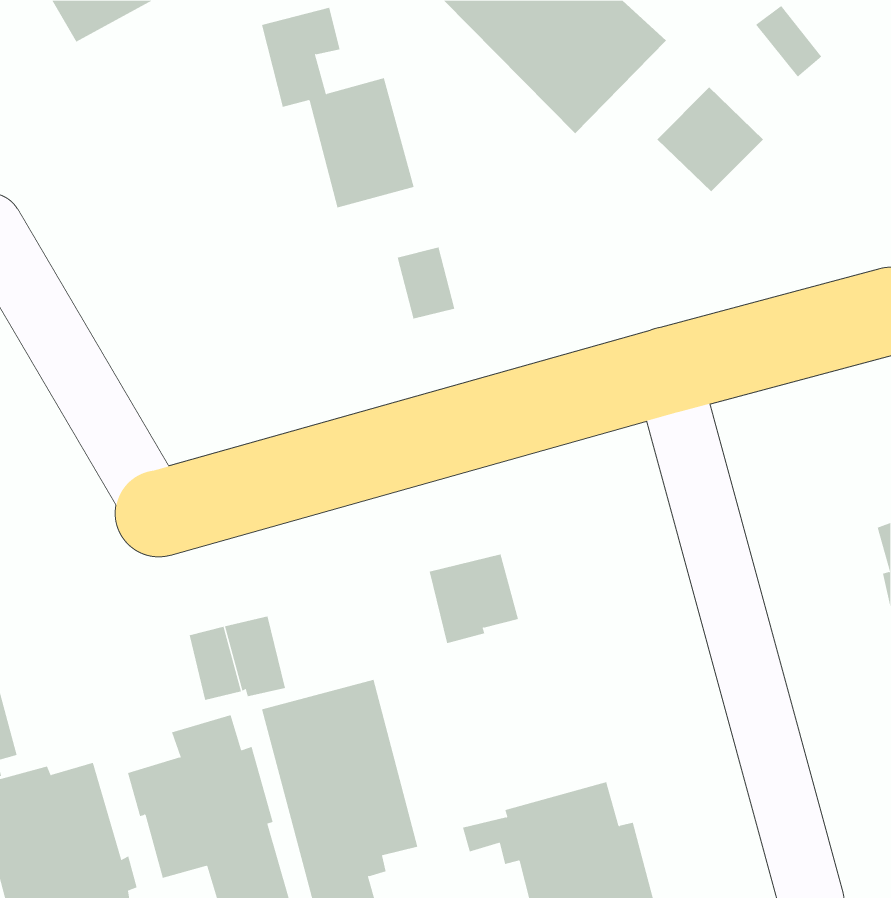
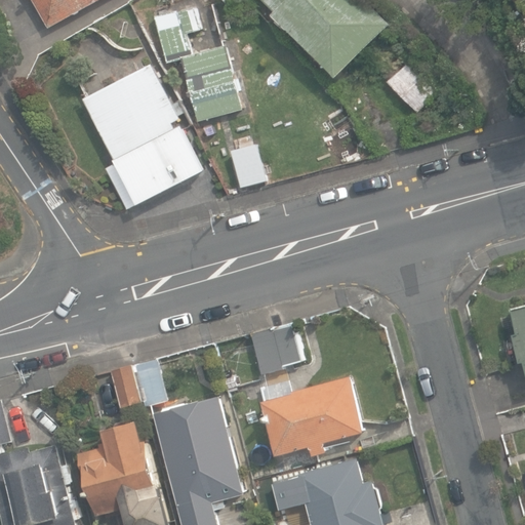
building: none -> [81,65,204,212]
building: none -> [258,375,360,453]

